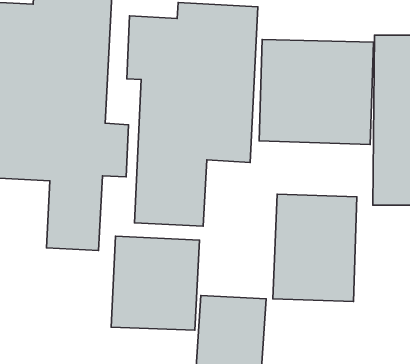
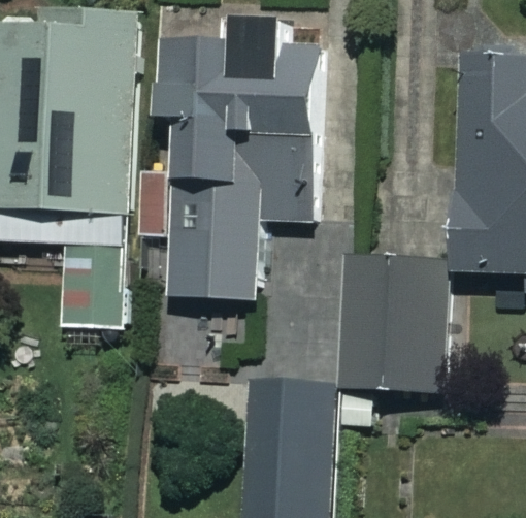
building: [259,40,374,144] -> none
building: [111,236,199,330] -> none

